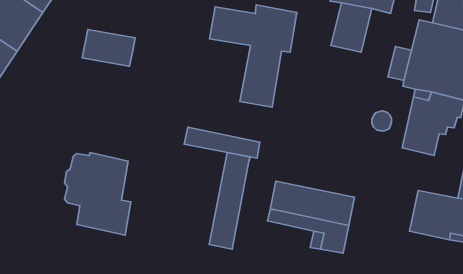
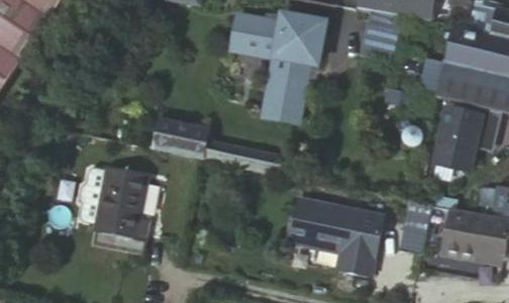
building: [82,29,135,66] -> [152,119,209,159]
building: [209,153,250,249] -> none
building: none -> [403,200,434,254]

